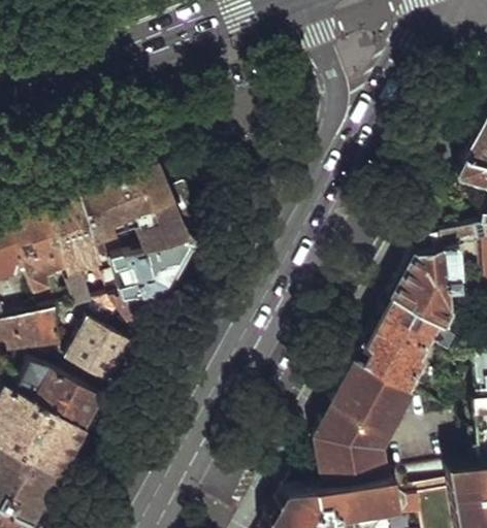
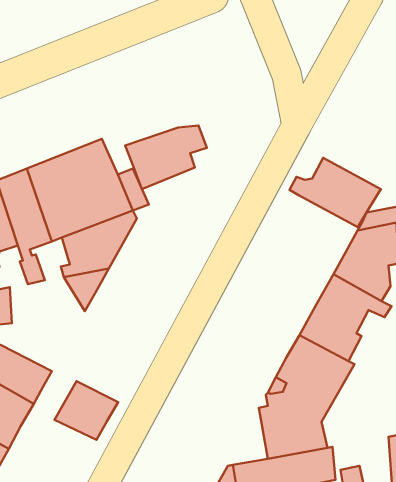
building: none -> [125,125,207,189]
building: none -> [289,158,381,227]
building: [66,326,132,387] -> [54,381,118,440]

